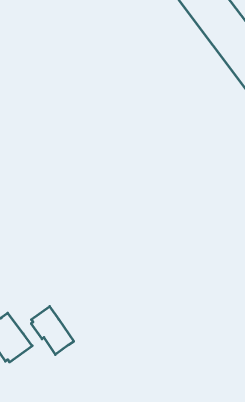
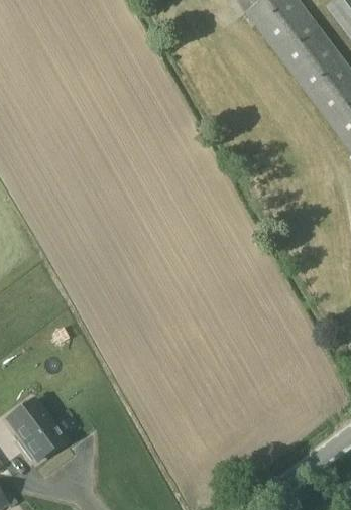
building: [31,306,74,355] -> none

